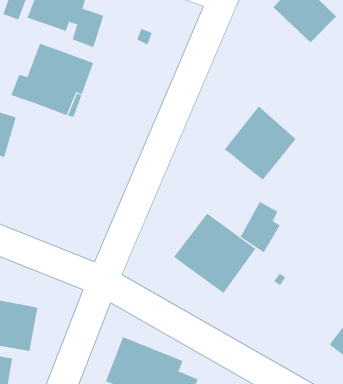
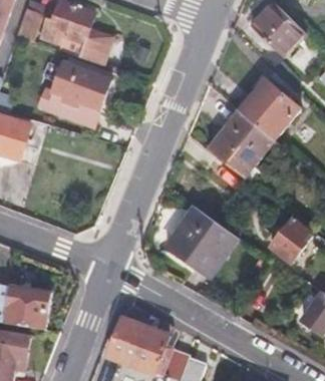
building: none -> [241,80,301,141]
building: [240,201,280,253] -> [269,220,304,265]

